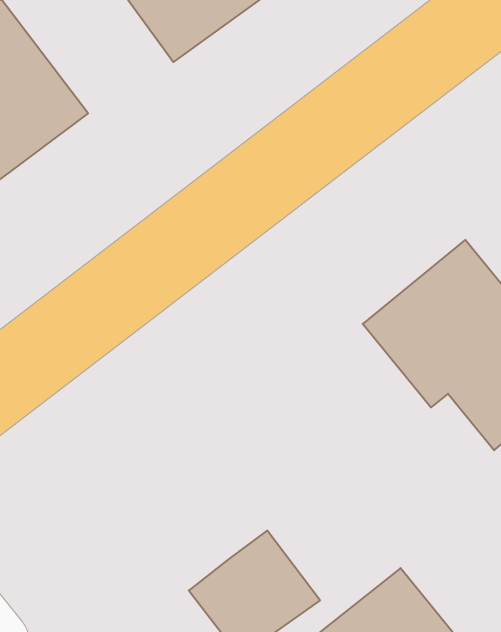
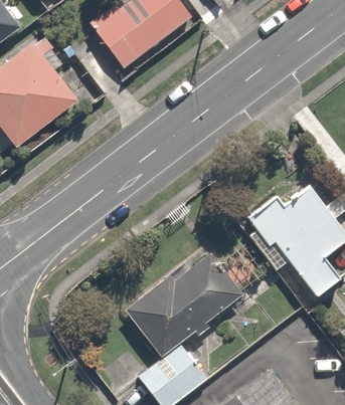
building: none -> [126,248,247,360]

